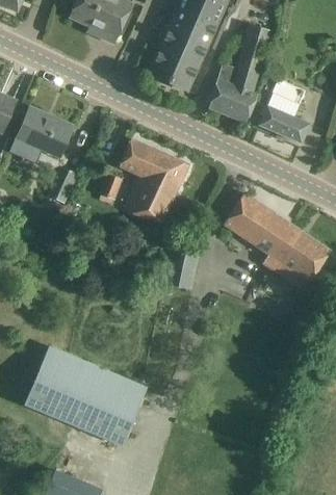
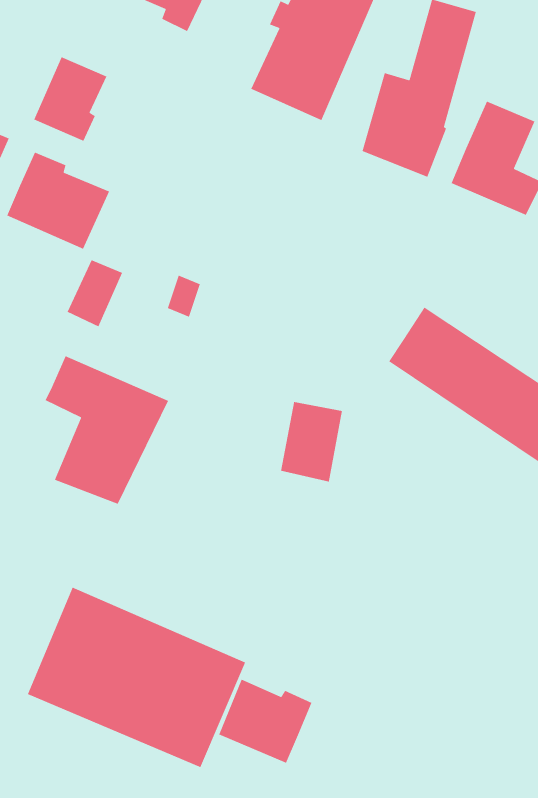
building: none -> [33,56,107,142]
building: [121,140,189,223] -> [44,355,169,505]
building: none -> [218,678,313,764]

